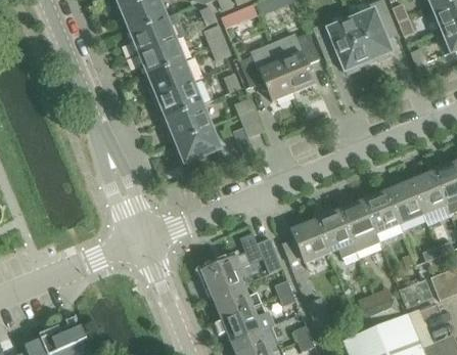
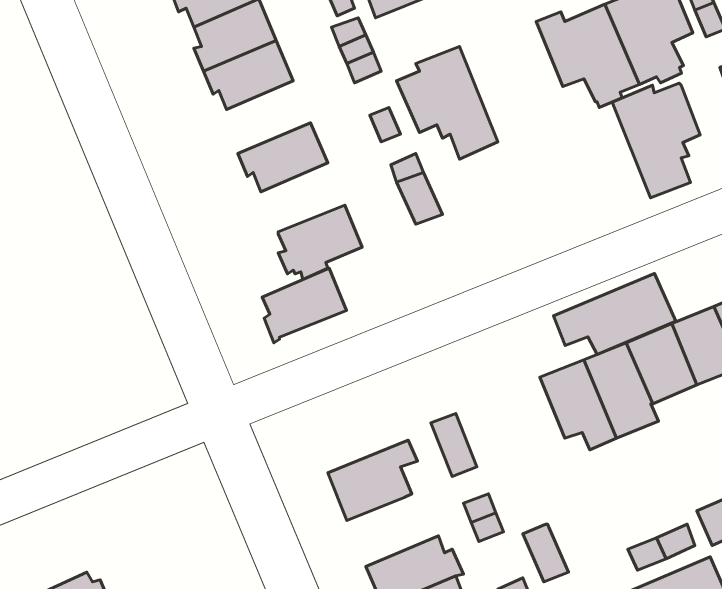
building: [272,31,319,92] -> [612,83,700,198]
building: [147,59,192,98] -> none
building: [166,103,211,143] -> [262,268,346,343]
building: none -> [553,274,676,354]
building: [290,218,328,261] -> none
building: [212,282,261,319] -> none

